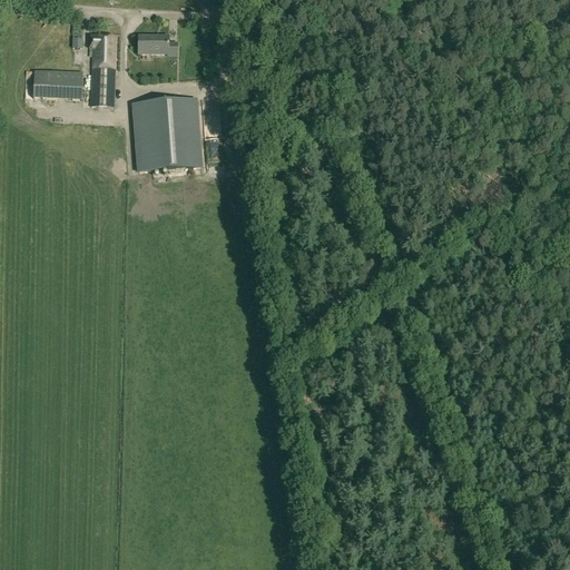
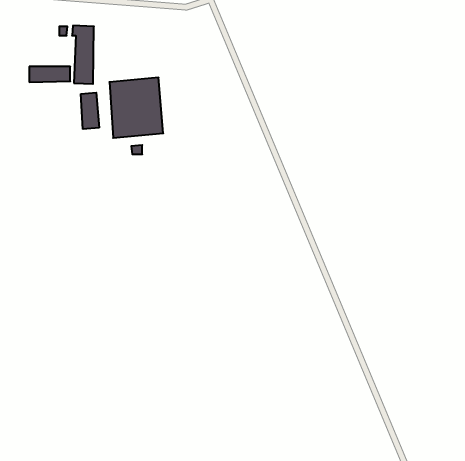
building: [138,31,178,51] -> none
building: none -> [81,93,99,129]

